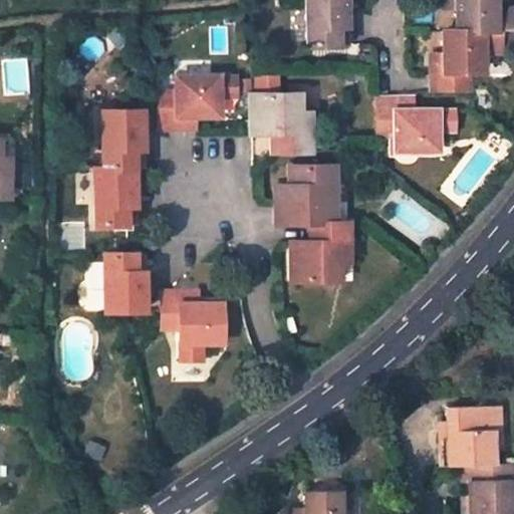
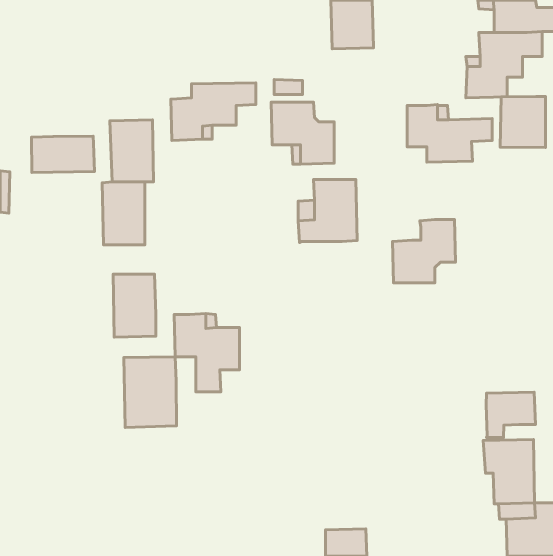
building: none -> [500,96,545,148]
building: none -> [32,136,95,172]
building: [293,222,351,280] -> [393,220,456,283]
building: none -> [124,357,176,427]
building: none -> [486,392,536,438]

